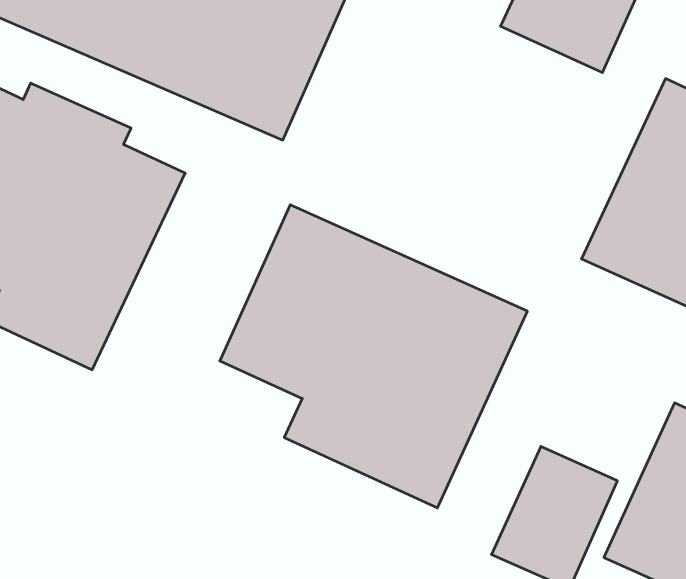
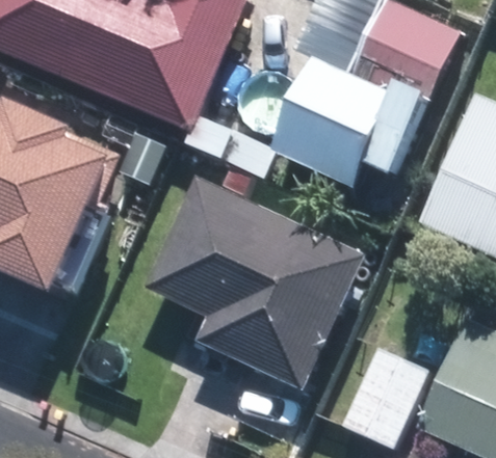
building: none -> [257,48,384,181]

